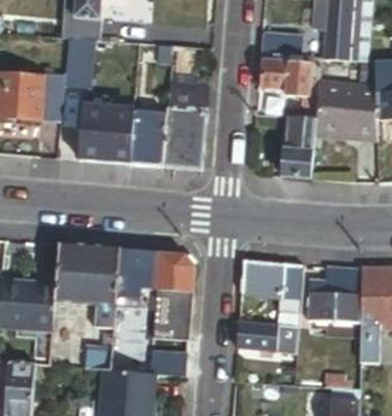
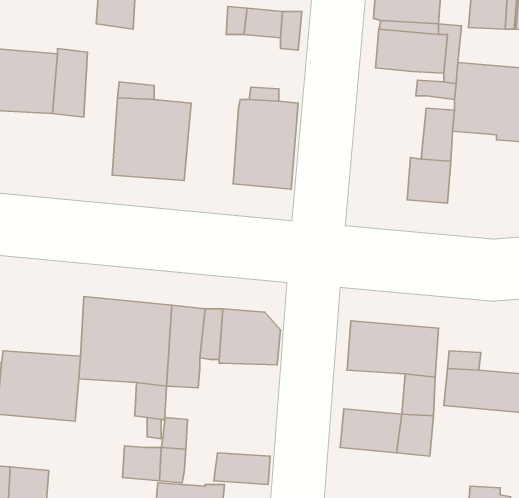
building: [128,111,165,166] -> none
building: [150,289,192,340] -> none

